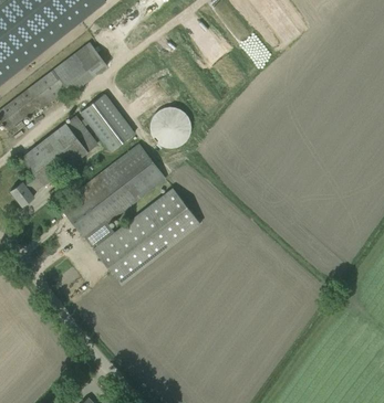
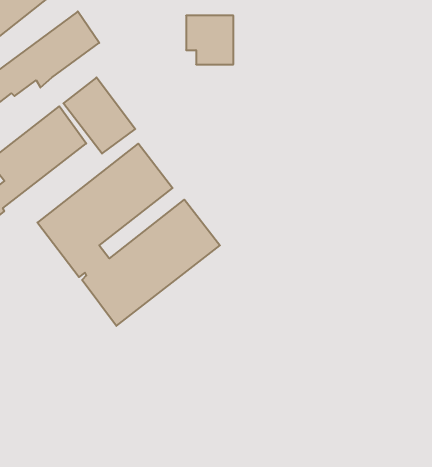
building: [149,107,186,145] -> [186,16,233,64]

